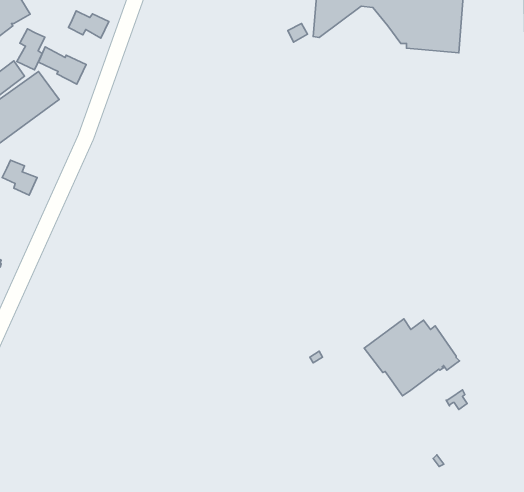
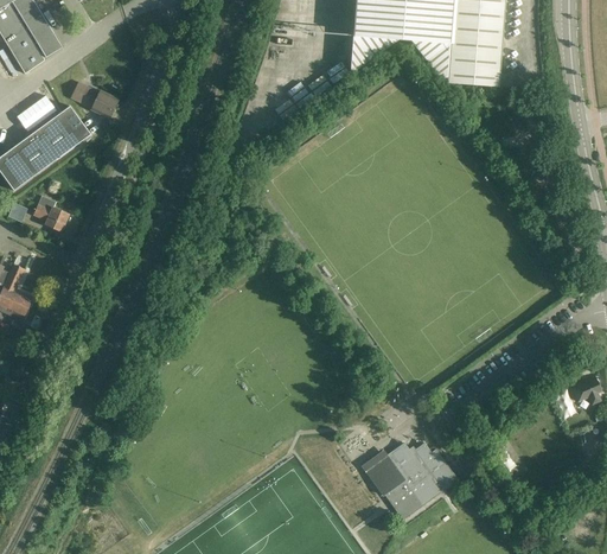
building: [68,11,109,38] -> none
building: [17,29,45,70] -> none
building: [364,319,460,396] -> [364,441,461,520]

